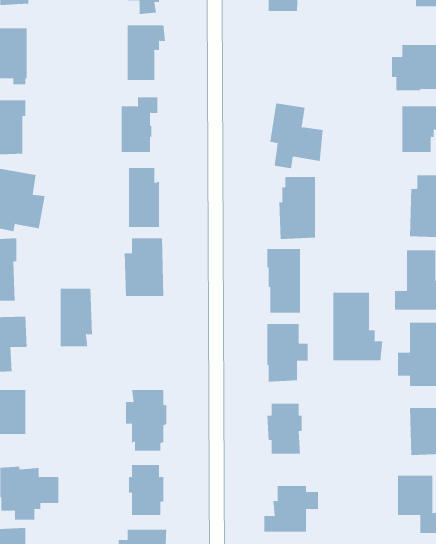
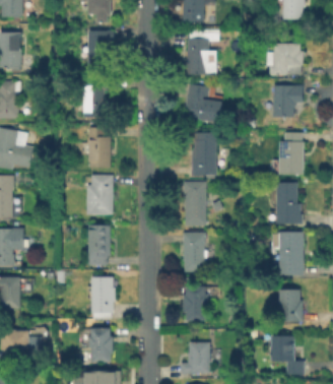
building: none -> [187,30,219,75]
building: [60,288,93,347] -> [88,226,111,265]
building: [333,292,383,361] -> none

